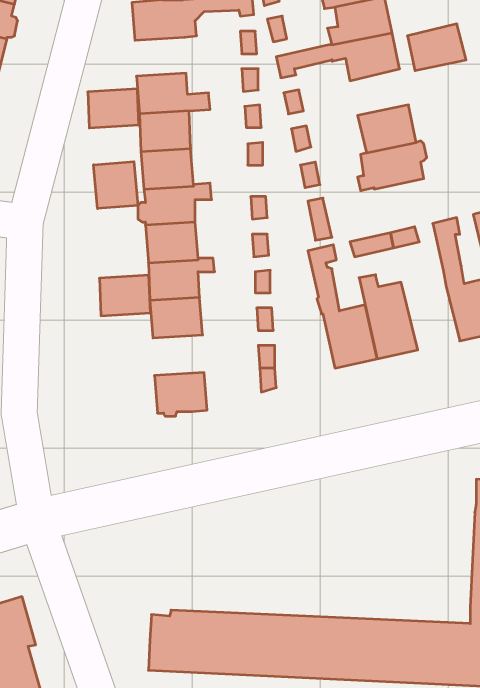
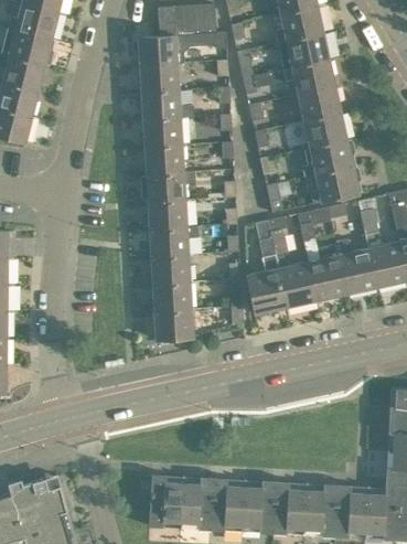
building: [407,24,466,71] -> [298,86,341,120]
building: [88,89,139,128] -> [140,63,178,92]
building: [94,162,138,209] -> none
building: none -> [311,167,360,203]
building: none -> [248,220,287,312]
building: [99,275,150,316] -> [153,281,191,311]
building: none -> [335,238,378,292]

